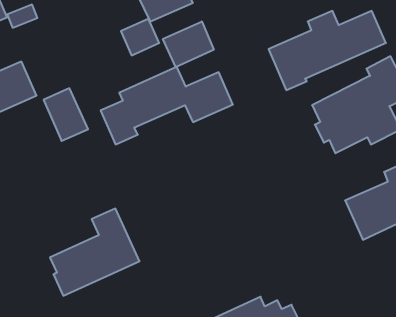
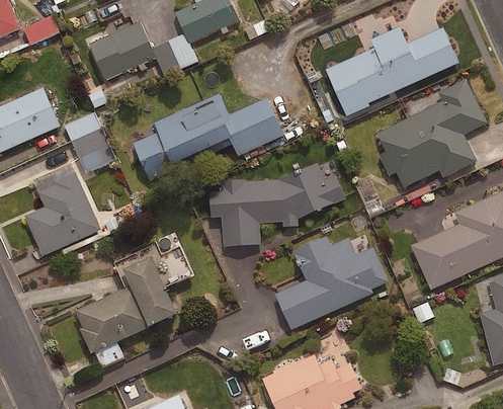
building: none -> [90,20,155,77]
building: [163,21,214,67] -> none
building: none -> [208,163,345,246]
building: none -> [24,171,100,254]
building: none -> [276,237,388,329]

